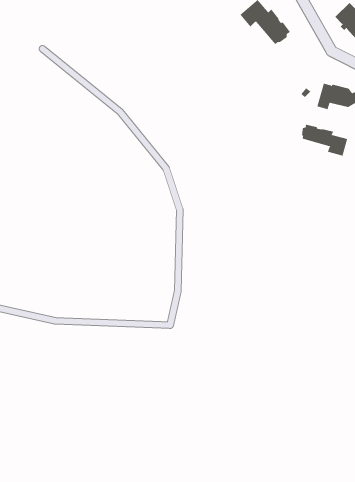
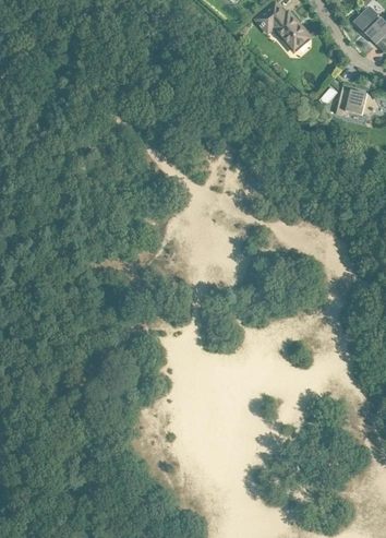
building: [301,124,348,156] -> none

